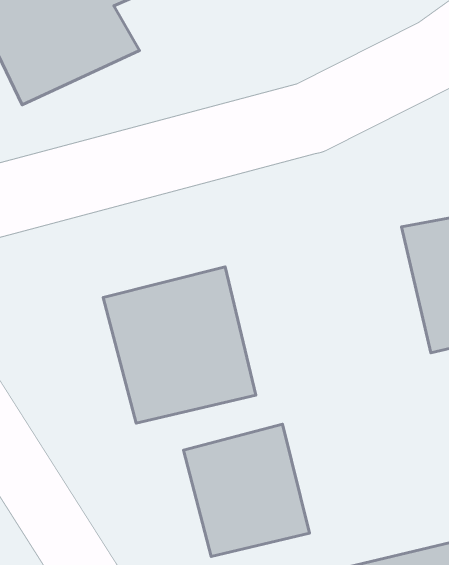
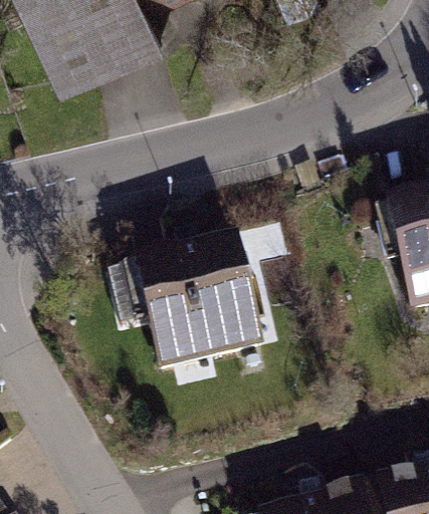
building: [183,424,310,556] -> none

